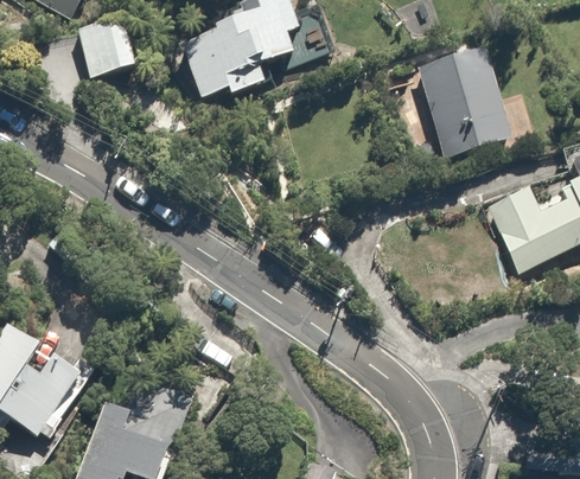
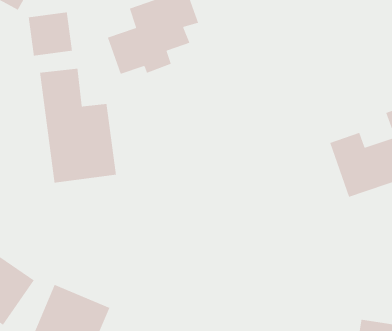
building: [415,49,514,154] -> none
building: none -> [39,68,117,183]

